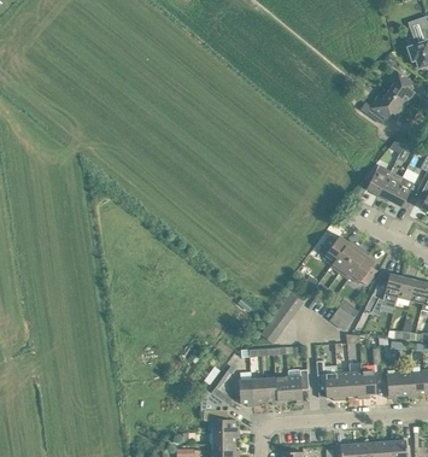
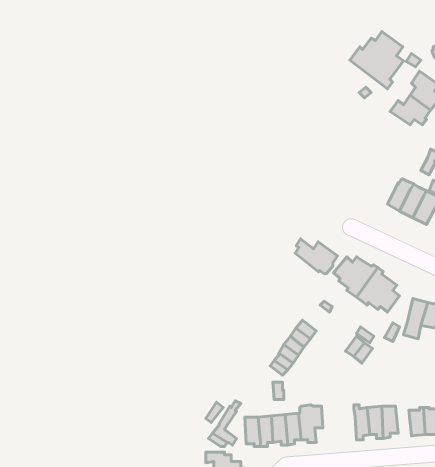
building: none -> [350,32,404,89]
building: none -> [295,239,337,274]
building: [316,361,339,400] -> none

